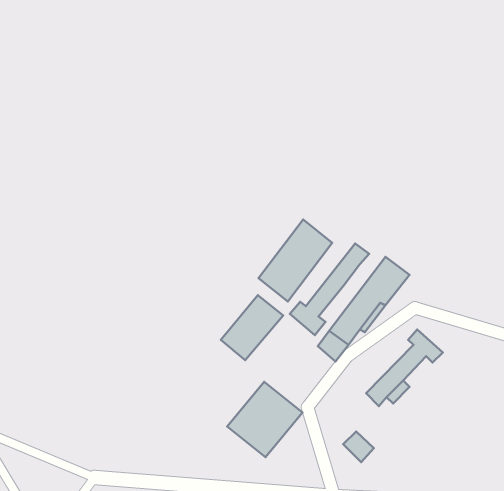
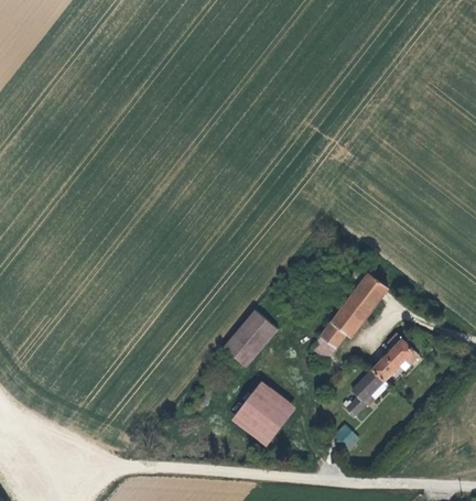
building: [259,219,332,302] -> none
building: [290,244,369,335] -> none

